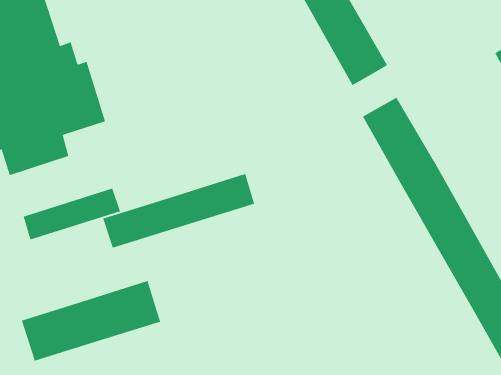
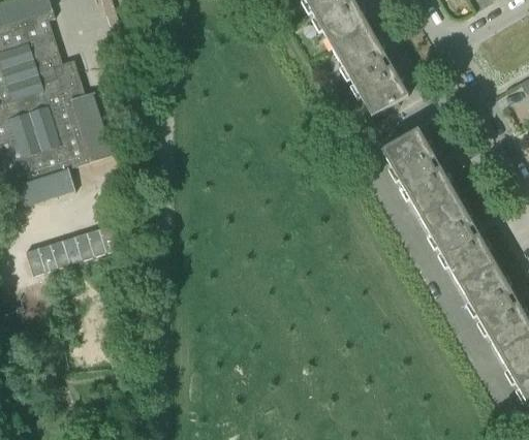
building: [103,173,255,248] -> none
building: [21,280,161,362] -> none

